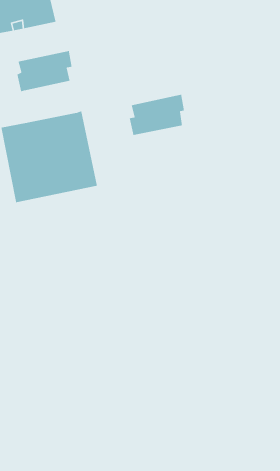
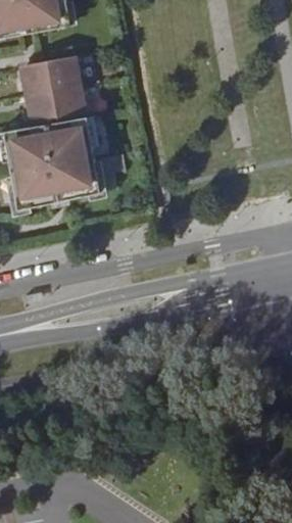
building: [129,94,185,136] -> [29,83,86,126]

